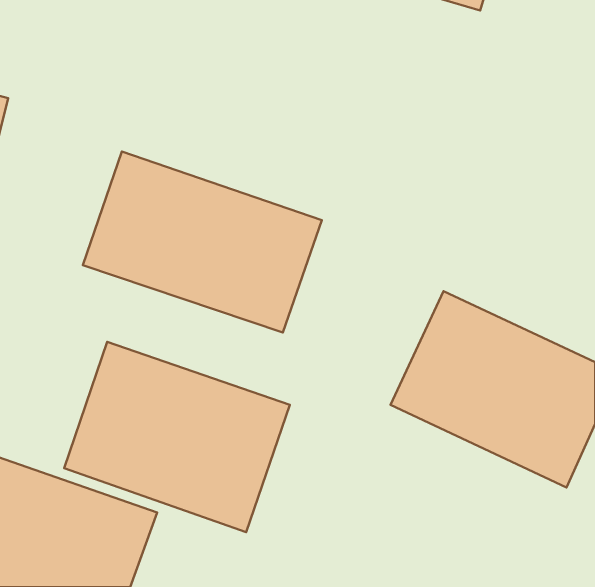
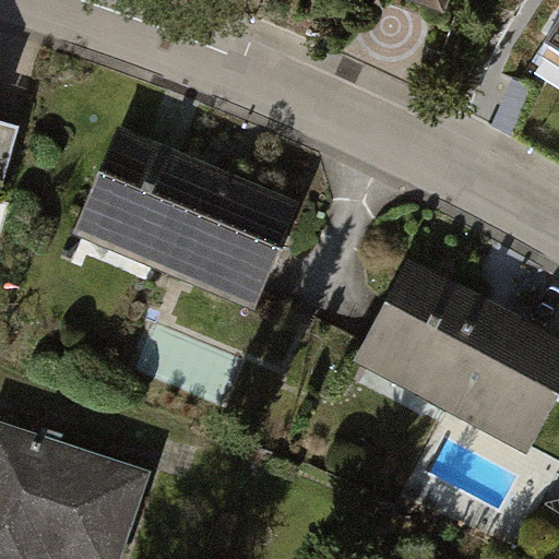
building: [64,342,290,532] -> none

